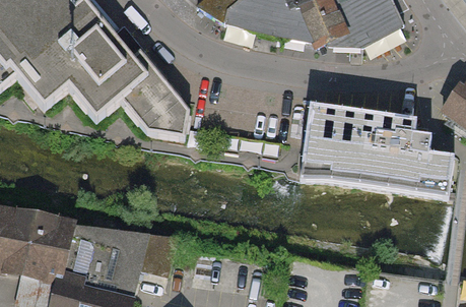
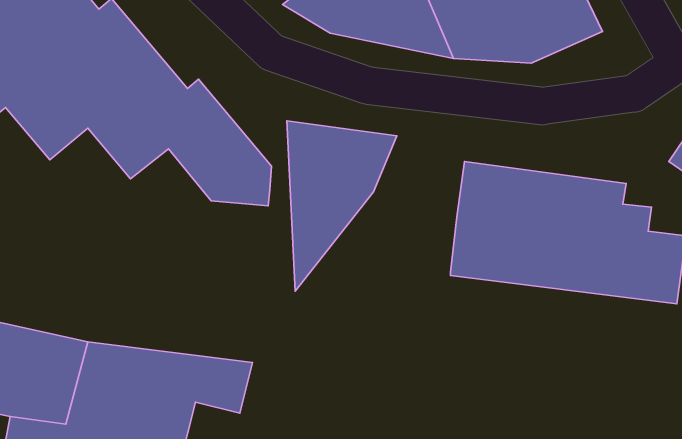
building: none -> [287,121,397,291]

